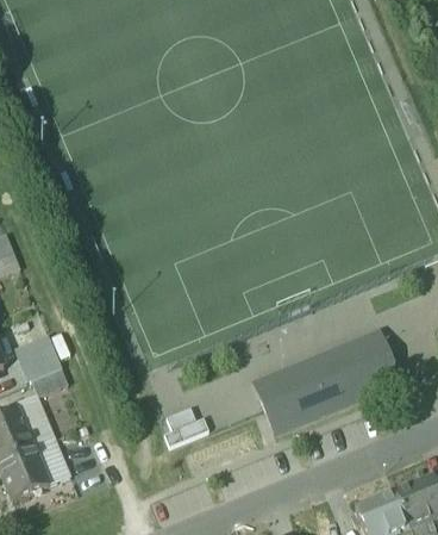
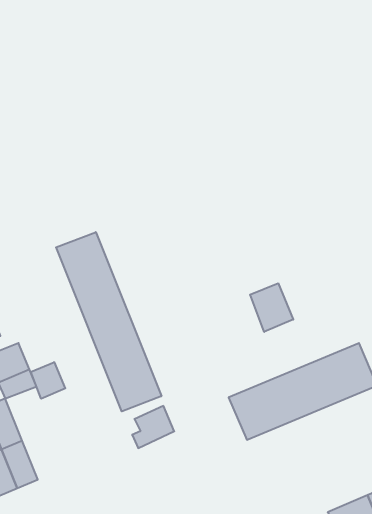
building: none -> [56,232,161,411]
building: none -> [250,283,293,332]
building: none -> [31,362,65,399]

